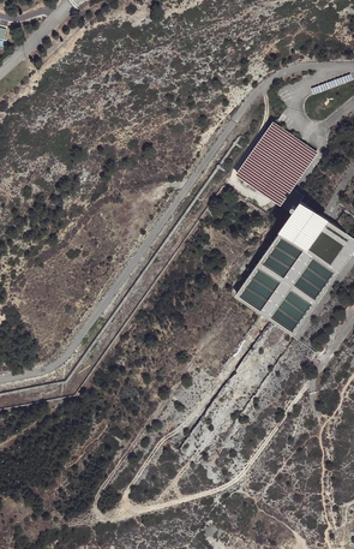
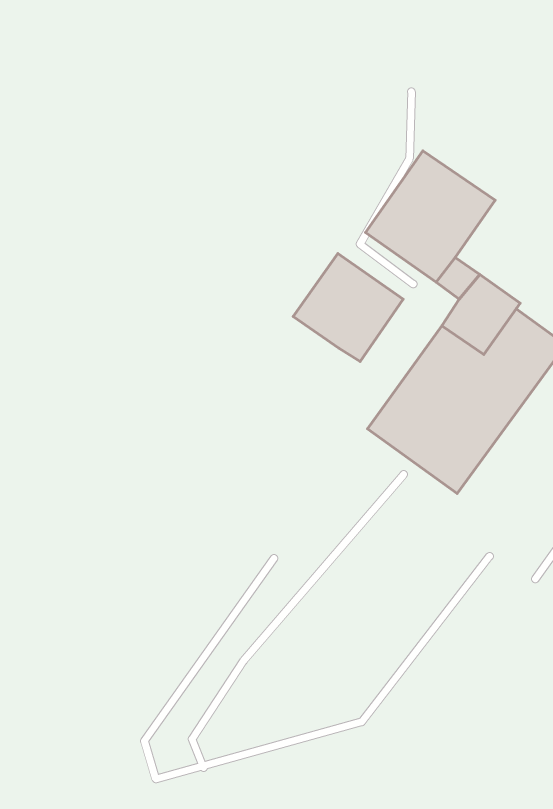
building: none -> [293,254,403,361]

